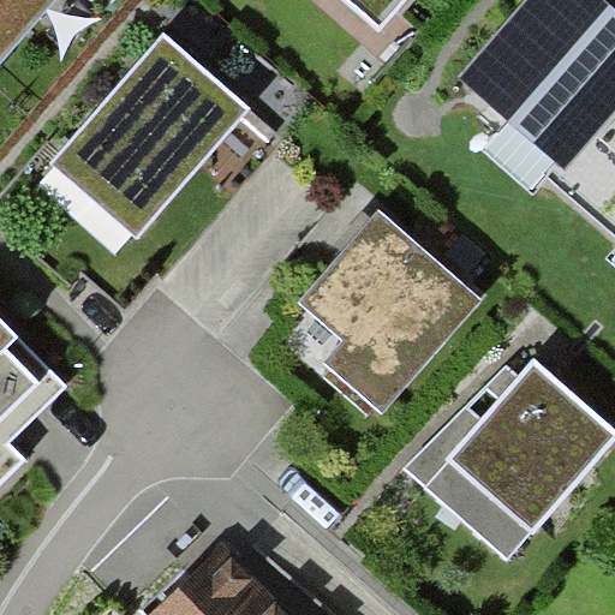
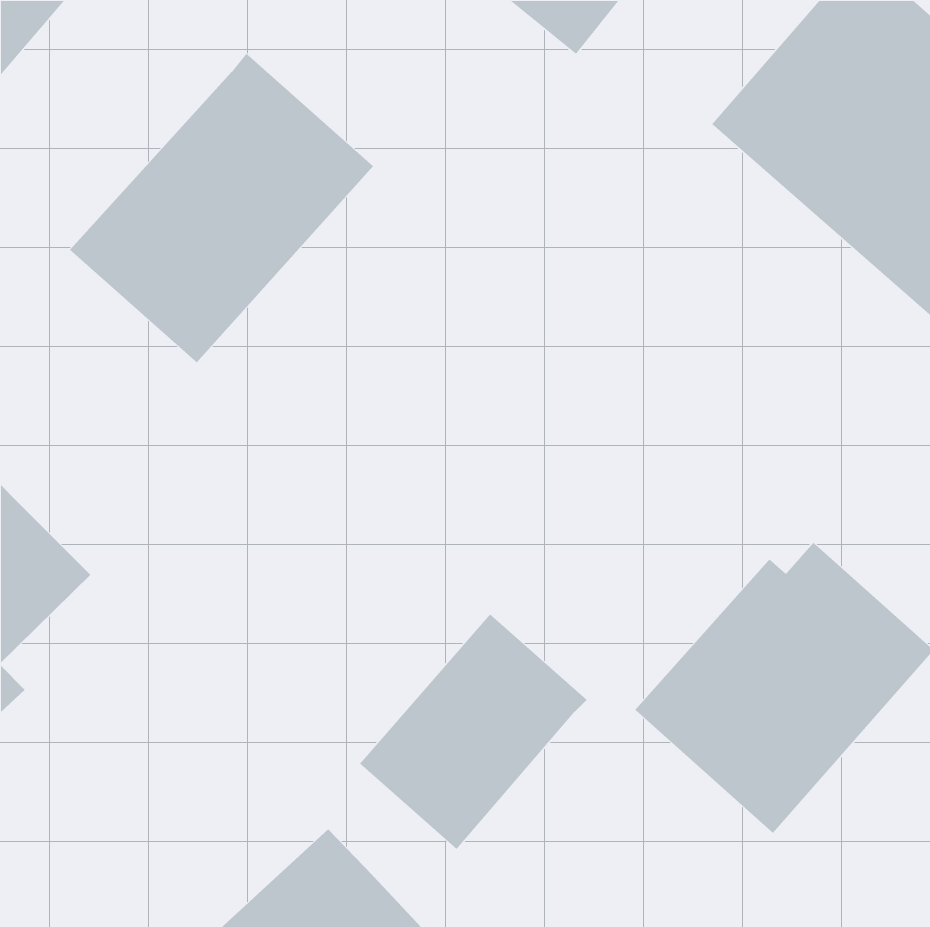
building: [295,214,471,412] -> none
building: none -> [359,613,587,850]

